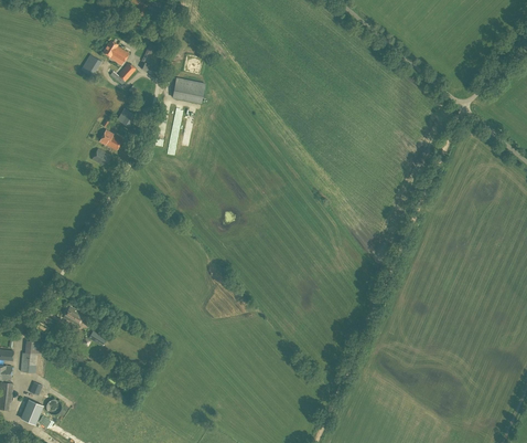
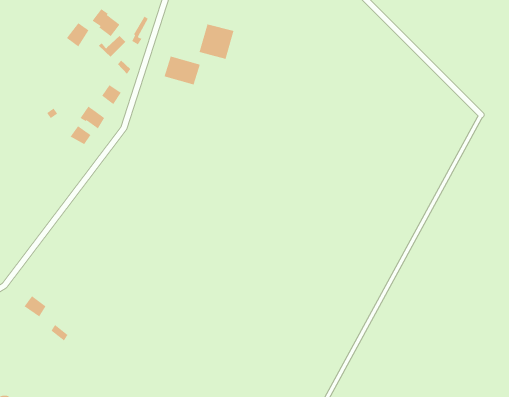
building: none -> [198,23,234,60]

